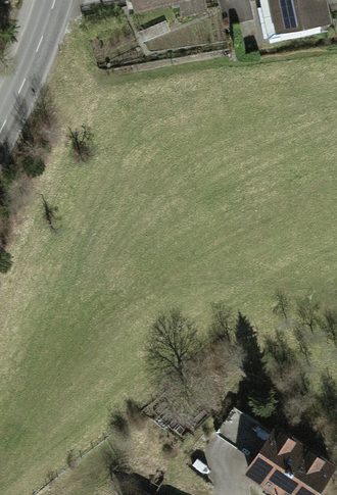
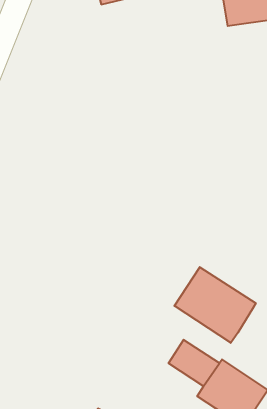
building: none -> [174,267,256,343]

